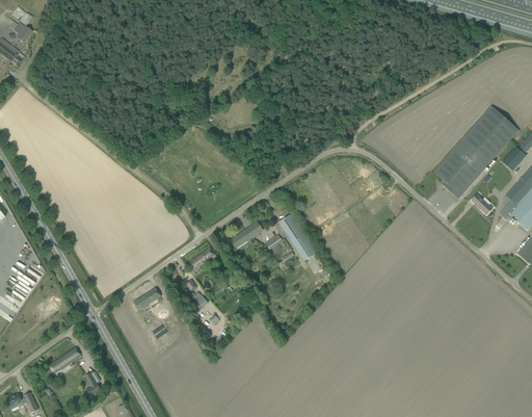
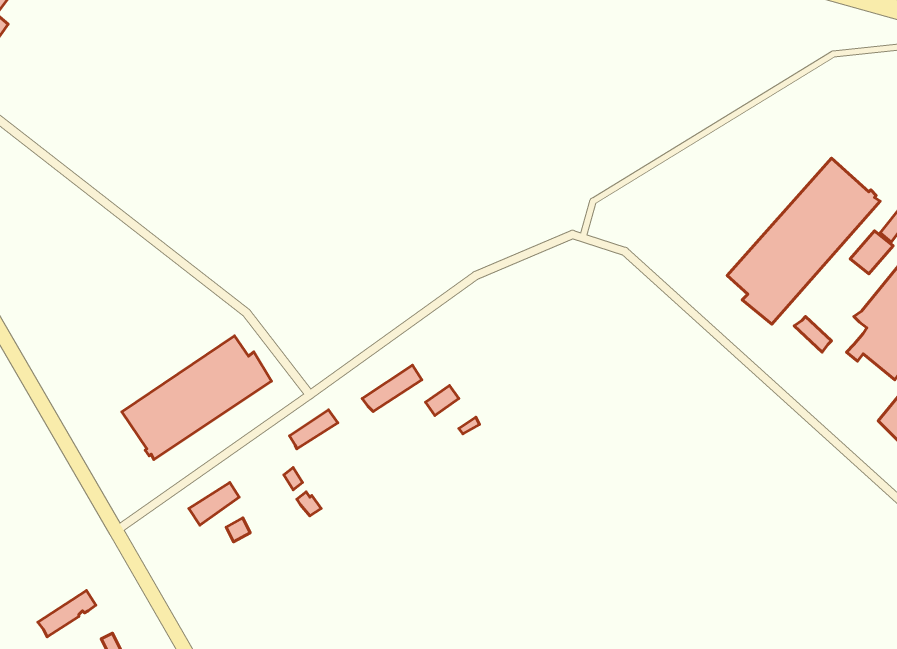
building: none -> [122,336,272,460]
building: [280,212,318,259] -> none

